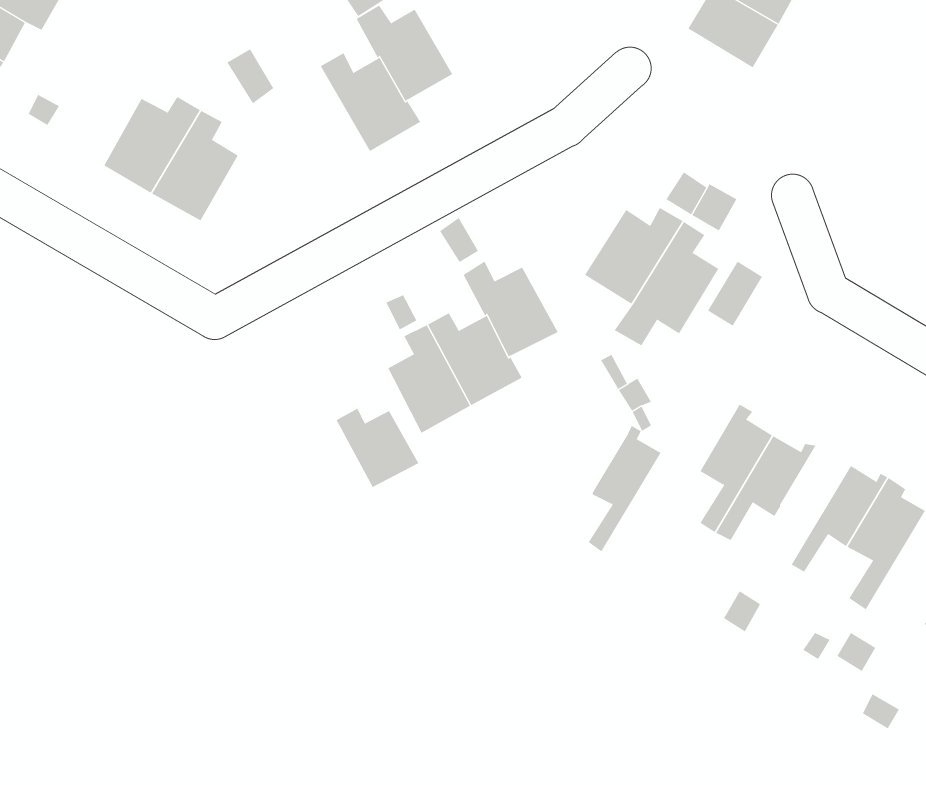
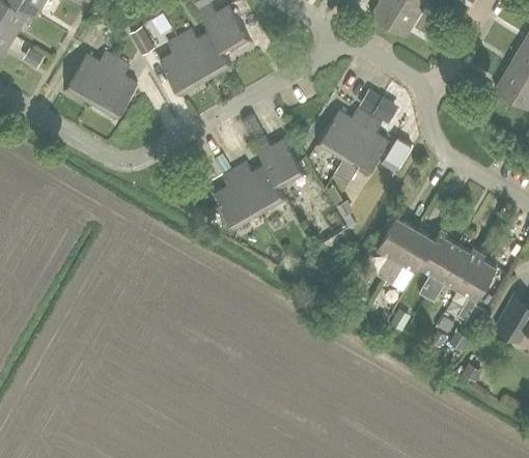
building: none -> [161,35,205,94]
building: [336,408,419,488] -> none
building: [588,425,661,552] -> [418,229,456,295]

